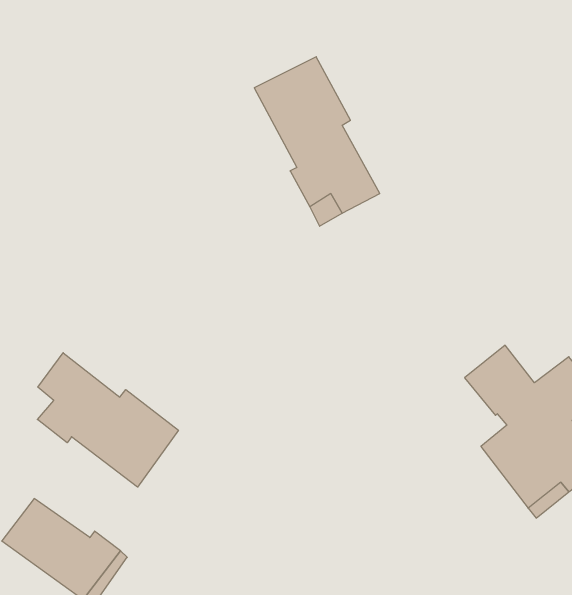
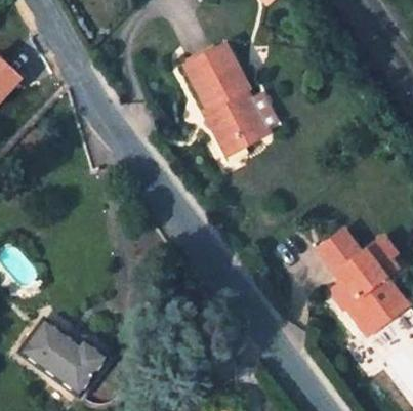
building: [37,353,178,487] -> none

